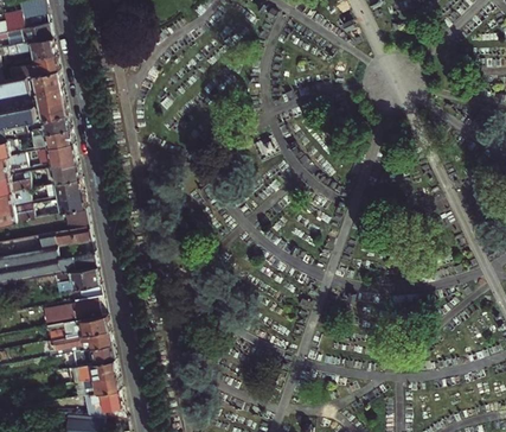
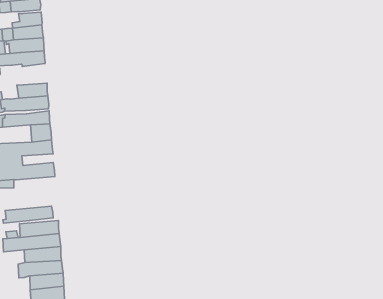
building: [33,144,75,170] -> none
building: [52,268,101,301] -> none

